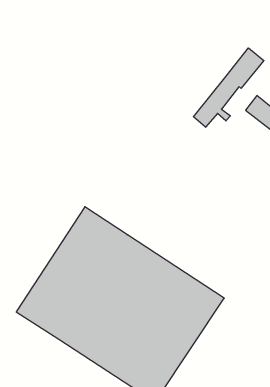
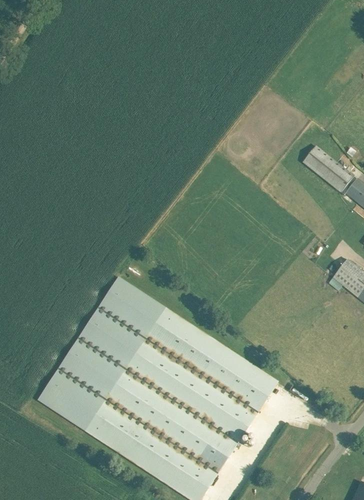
building: [193,48,264,127] -> none

